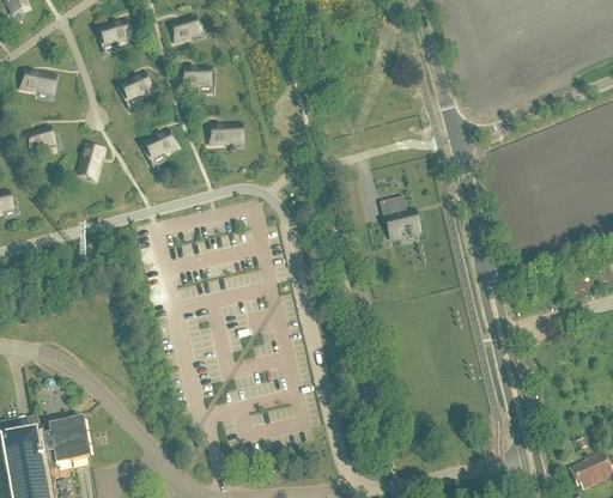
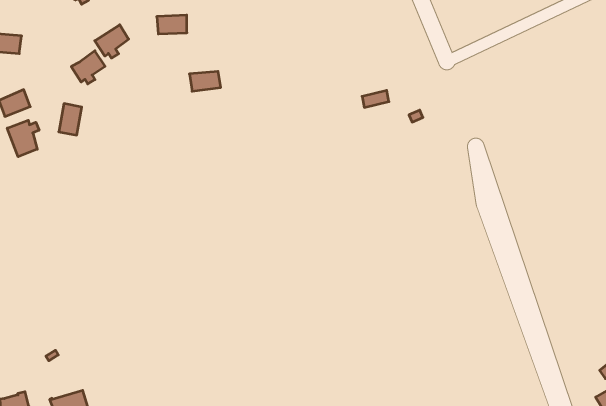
building: [145,130,177,162] -> [71,51,105,84]
building: none -> [7,120,39,157]
building: [386,196,418,236] -> none

